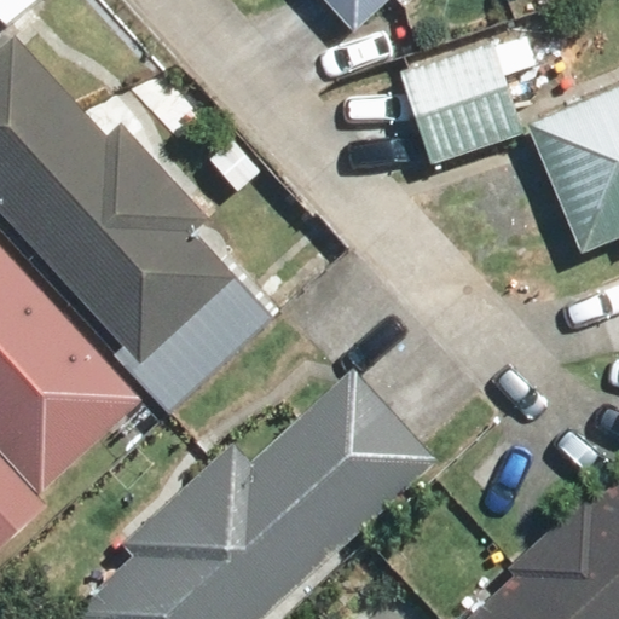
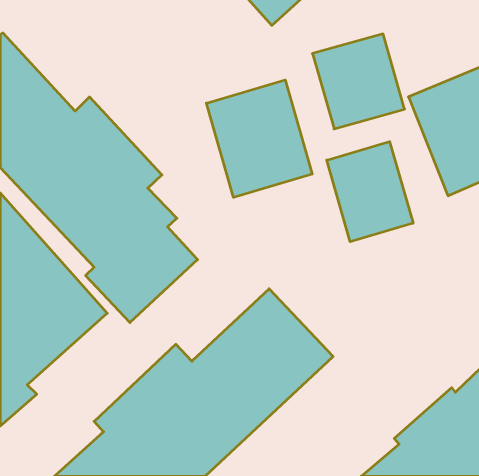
building: none -> [206,80,312,197]
building: none -> [327,142,413,242]

